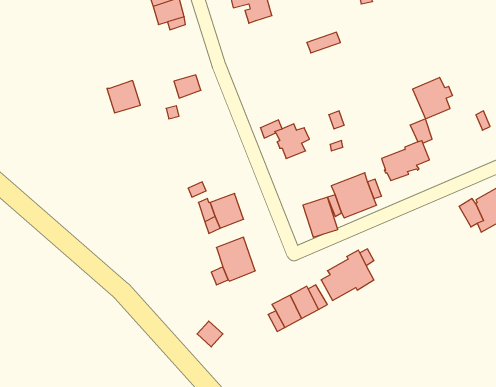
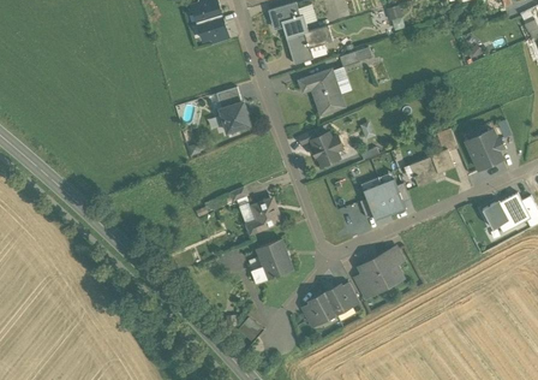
building: none -> [288,25,331,64]
building: none -> [298,69,343,109]
building: [413,77,453,119] -> [466,130,503,168]
building: [107,81,140,113] -> [219,101,250,131]

